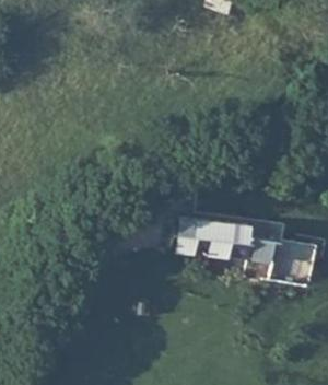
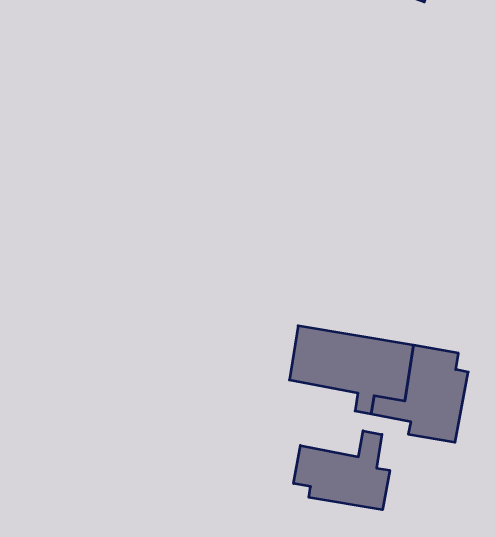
building: none -> [294,431,390,510]

